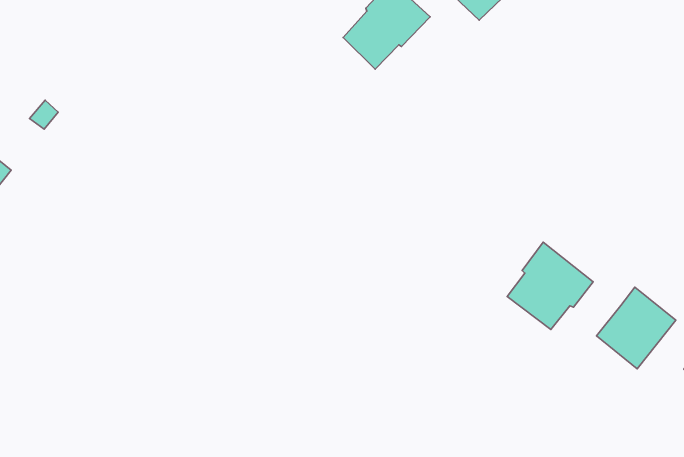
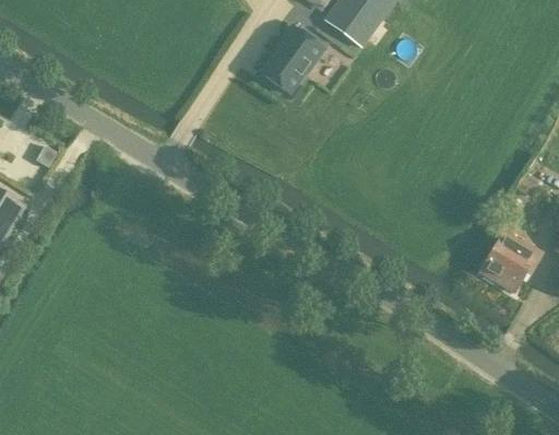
building: [507,242,593,329] -> none

